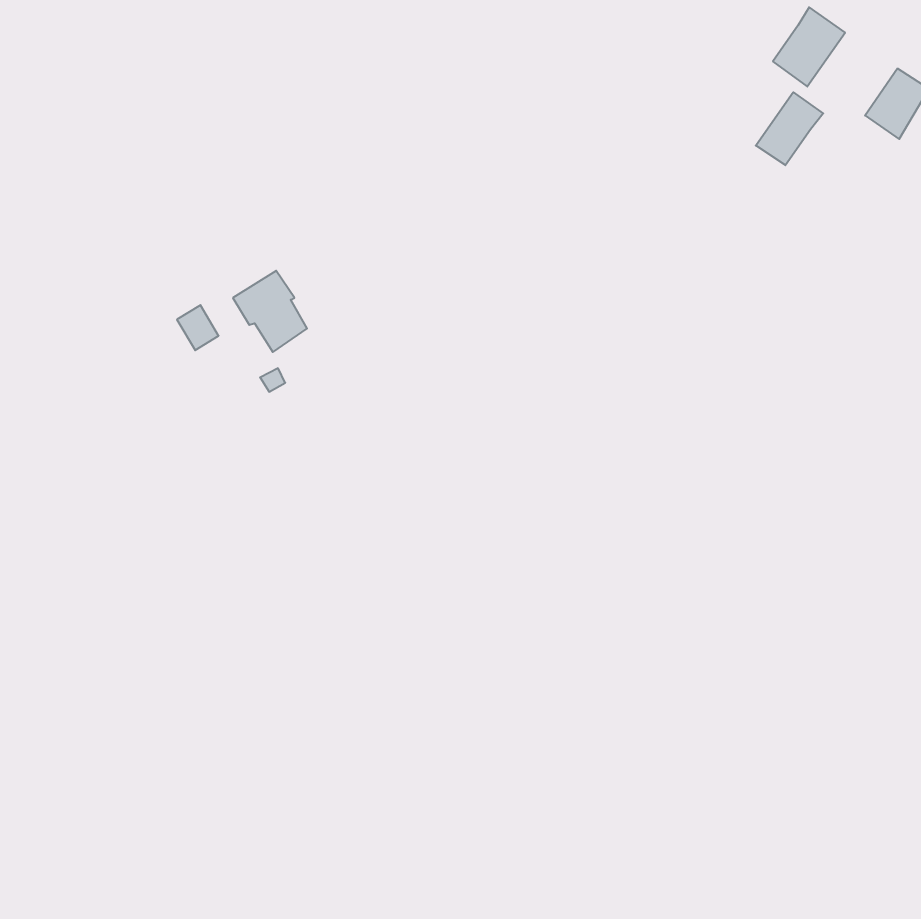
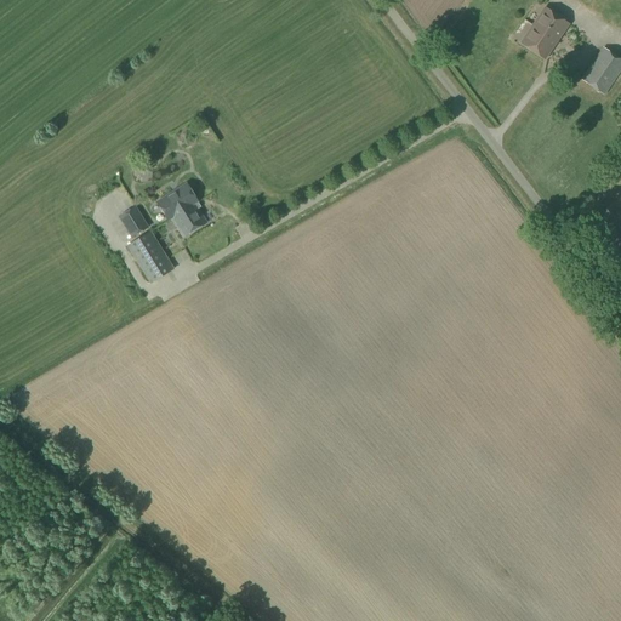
building: [756,92,823,165] -> none
building: none -> [129,230,173,281]

